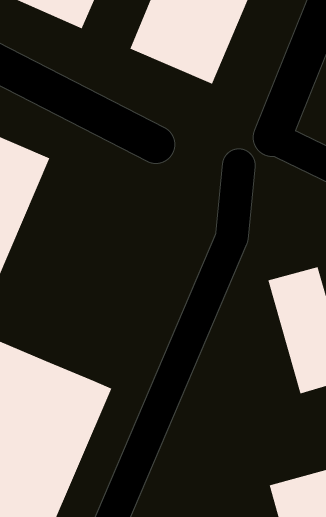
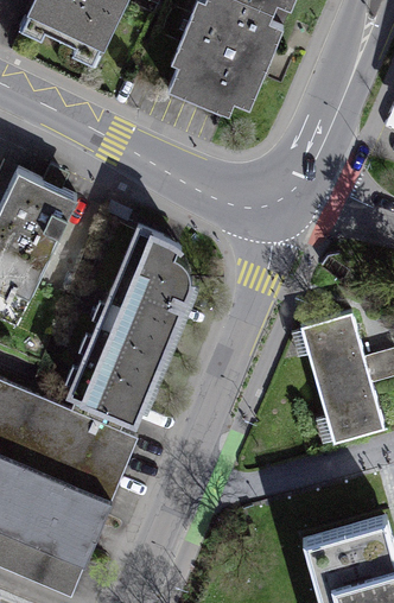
building: none -> [69,223,192,429]

